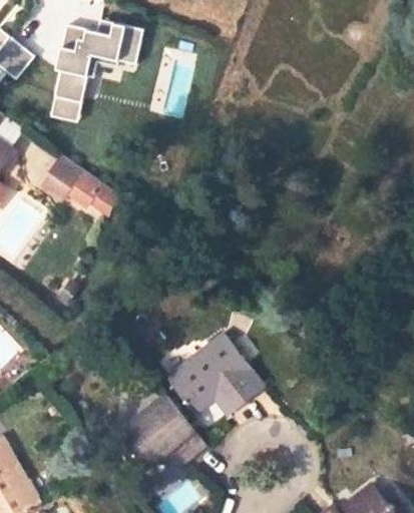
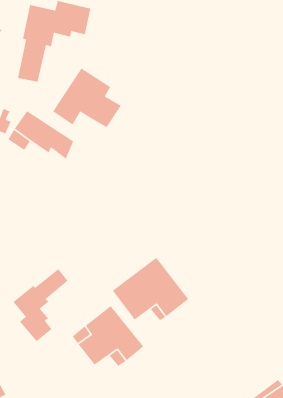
building: none -> [52,67,122,128]
building: none -> [12,268,68,342]

